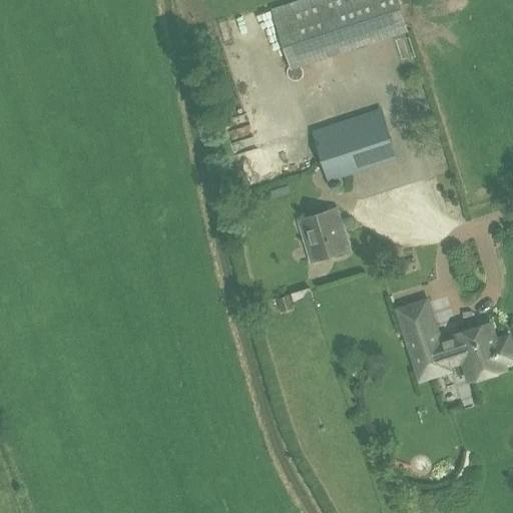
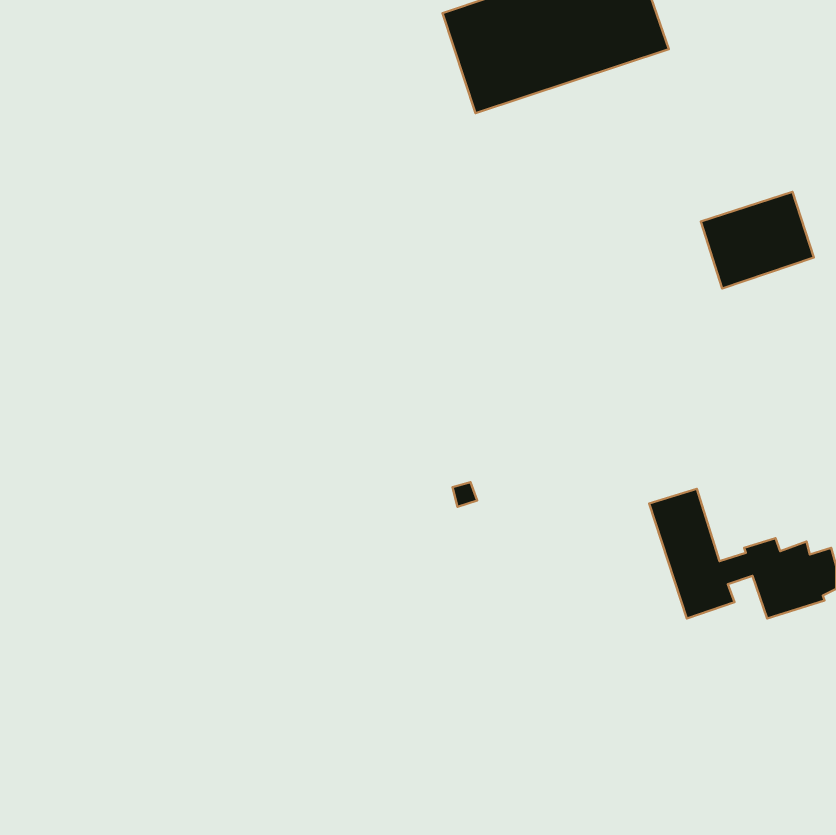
building: [314,116,383,175] -> [701,192,814,289]
building: [298,207,350,261] -> none

